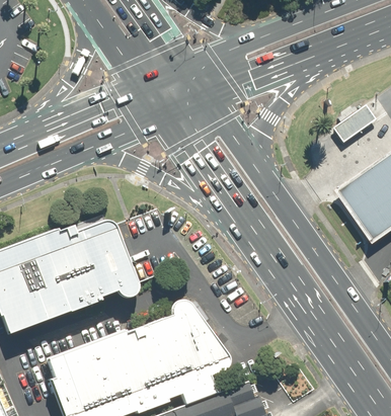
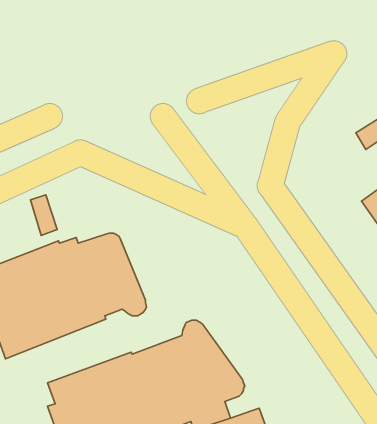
building: none -> [30,195,57,235]

